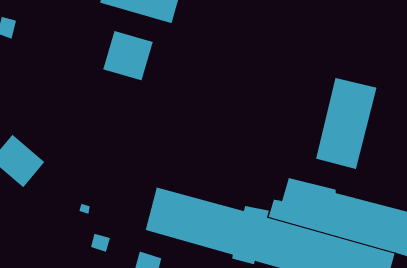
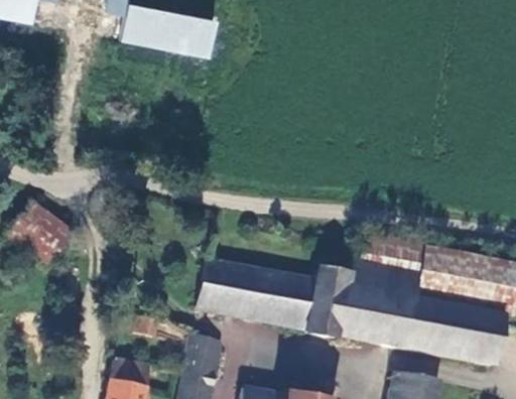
building: [103,30,154,81] -> none
building: [316,77,377,170] -> none

